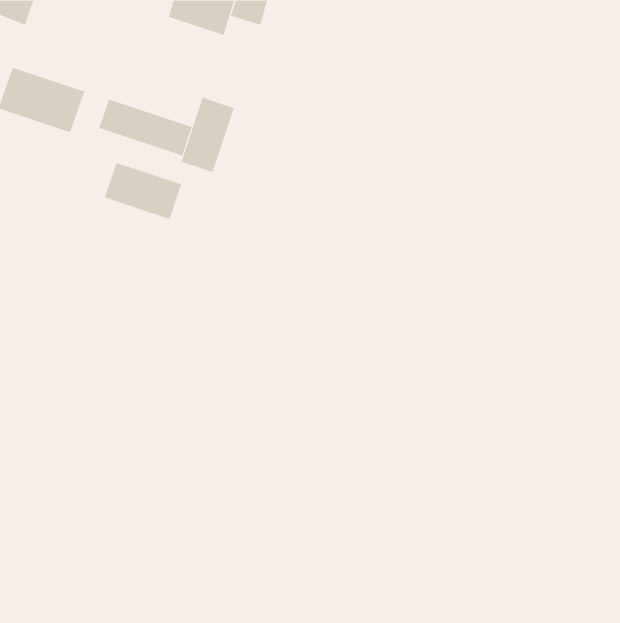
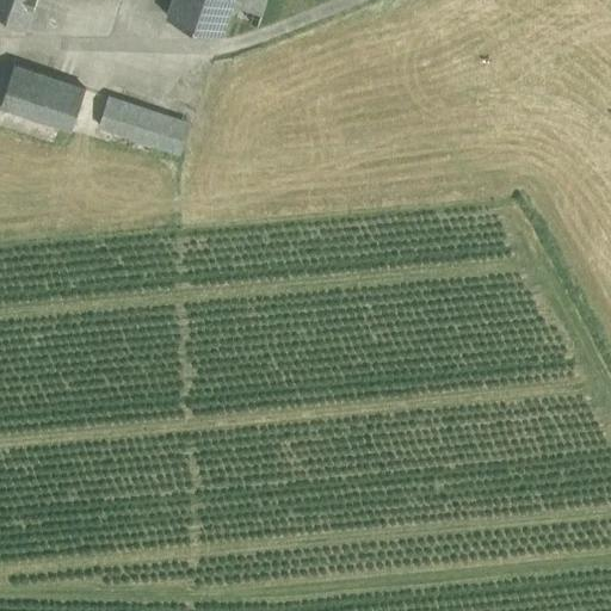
building: [181,97,235,173] -> none
building: [104,162,182,220] -> none

